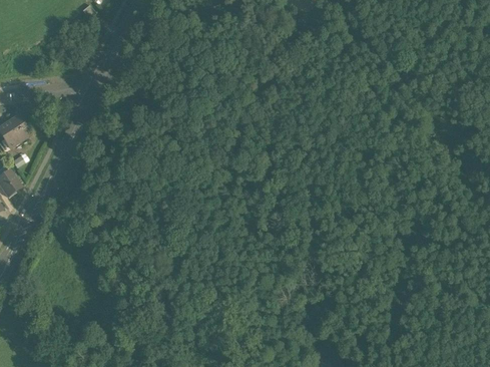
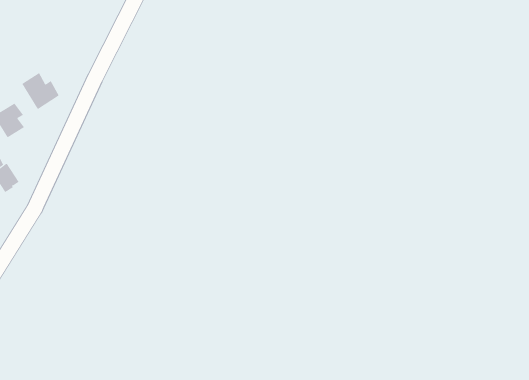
building: none -> [21,72,59,110]

